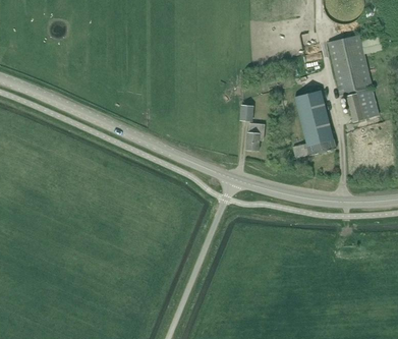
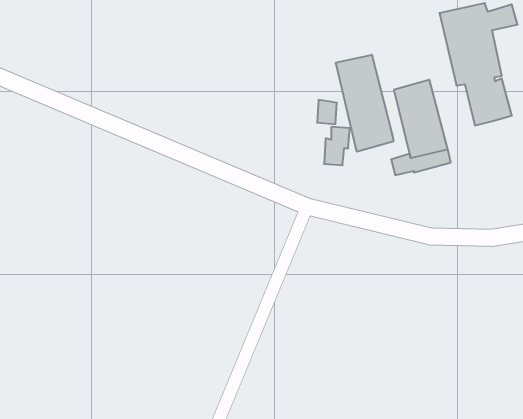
building: none -> [336,55,393,152]

